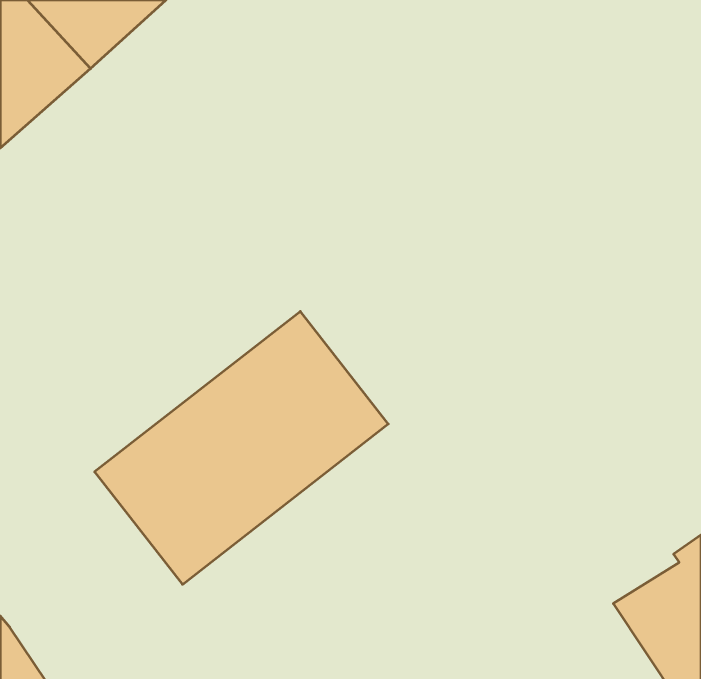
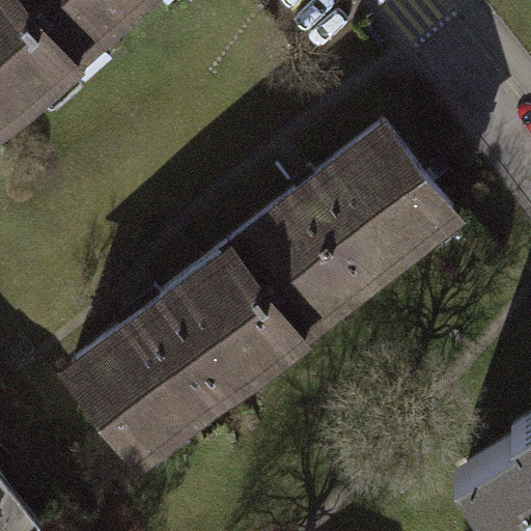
building: none -> [227,131,449,337]

